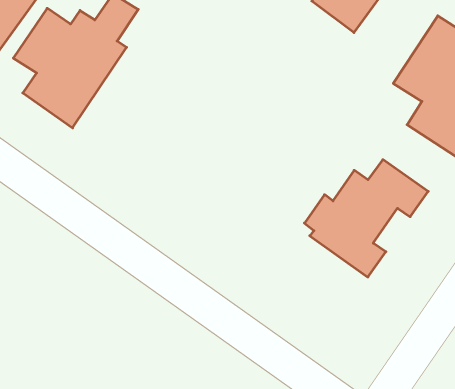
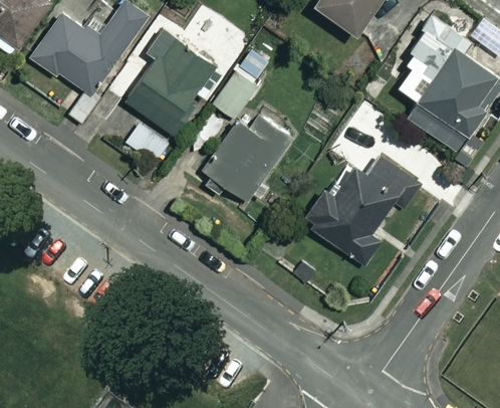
building: none -> [126,31,221,165]
building: none -> [202,69,291,201]

